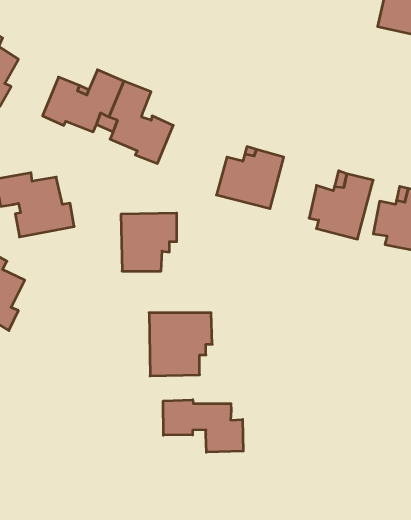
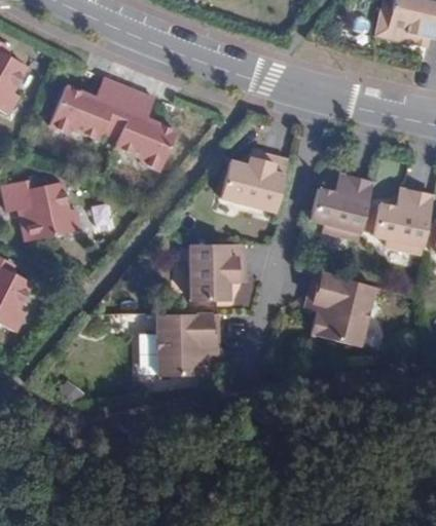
building: [121,213,177,271] -> [188,243,243,300]
building: none -> [306,270,372,345]
building: [163,400,243,452] -> none

